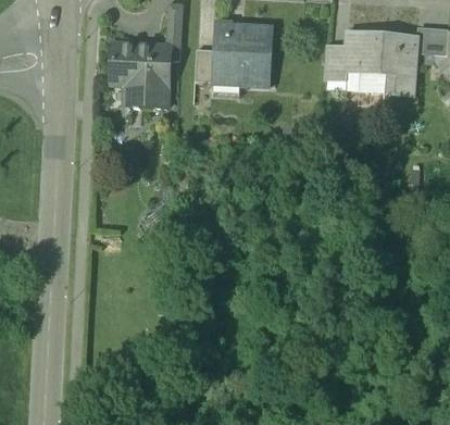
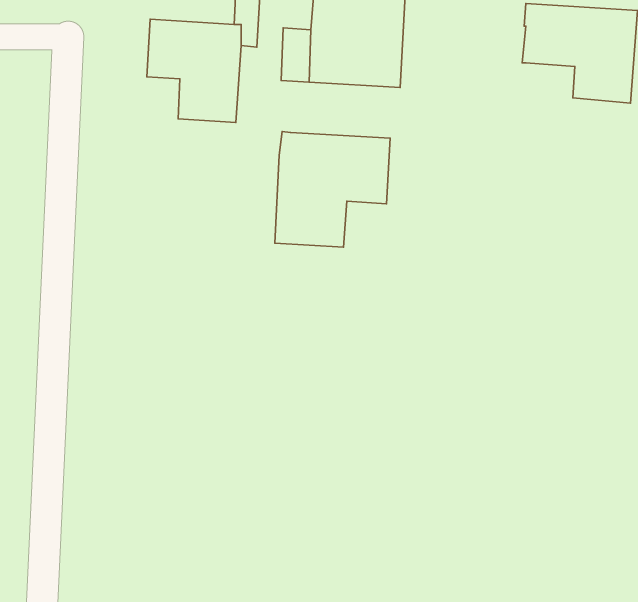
building: [325,47,347,79] -> none
building: none -> [275,132,390,247]

